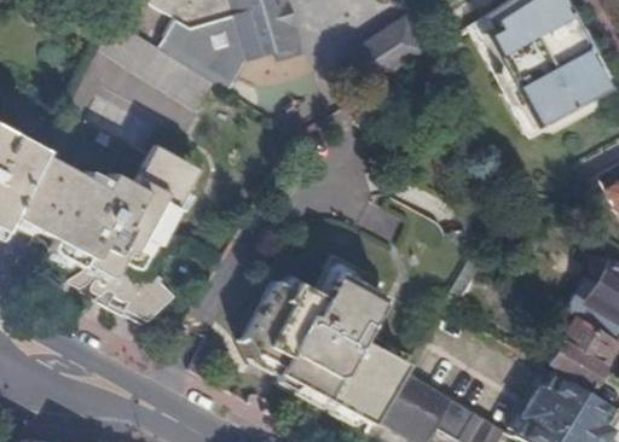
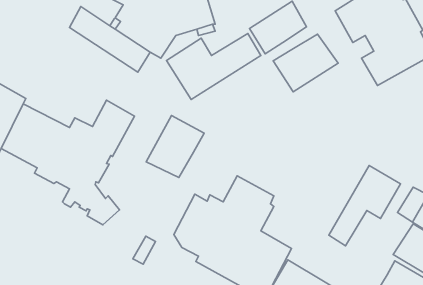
building: none -> [167,33,261,100]
building: none -> [273,34,338,92]
building: none -> [146,116,204,177]
building: none -> [329,165,400,246]

